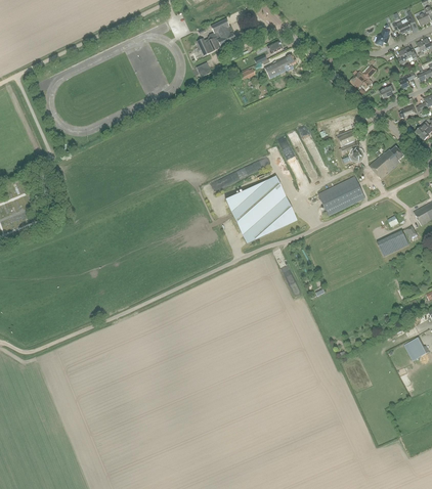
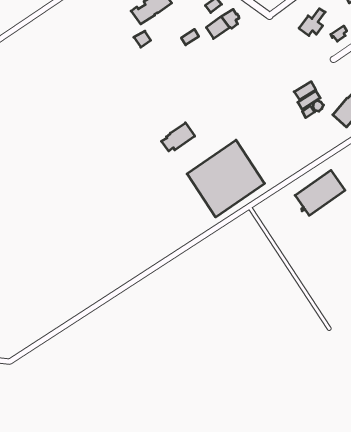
building: none -> [161,123,195,151]
building: [318,176,365,215] -> [295,170,345,215]

